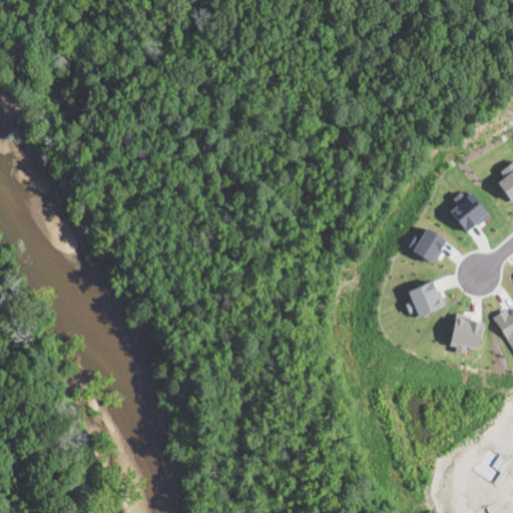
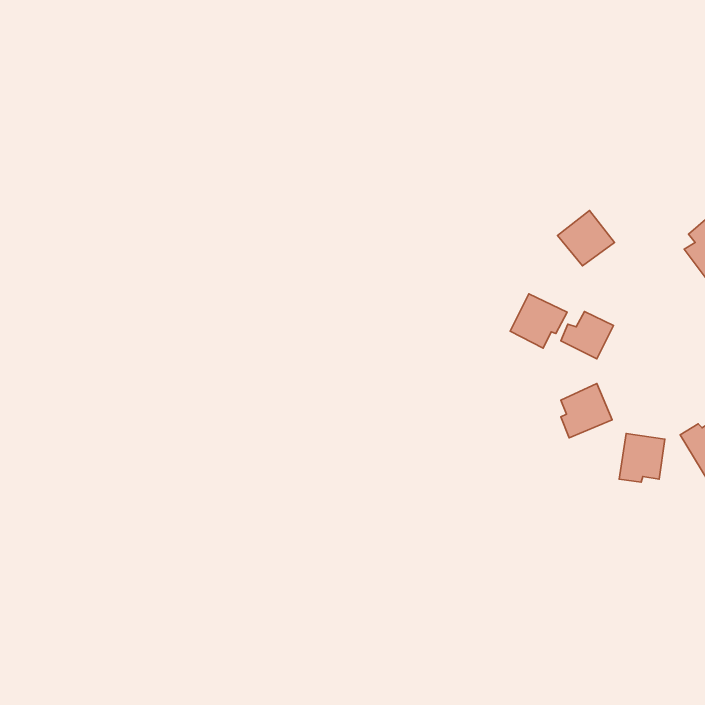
building: [449,192,490,232] -> [558,211,614,266]
building: none -> [510,294,567,348]

